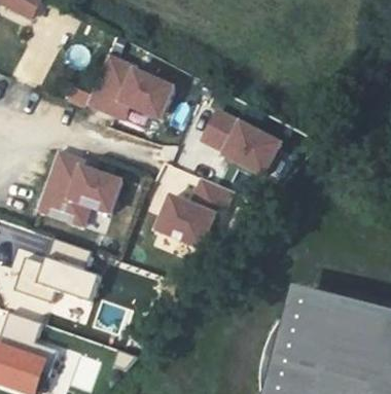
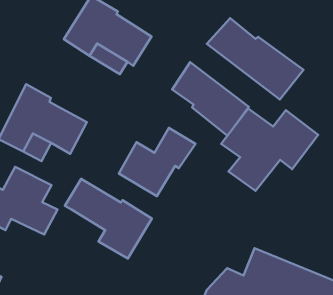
building: none -> [207,18,303,99]
building: none -> [221,109,318,191]
building: none -> [65,179,152,259]

